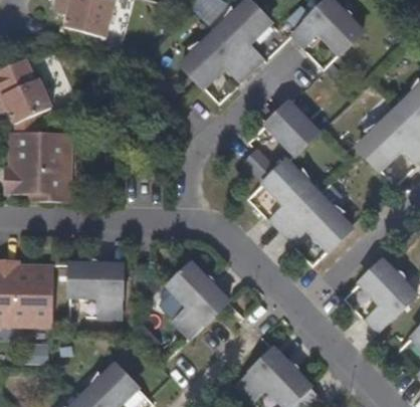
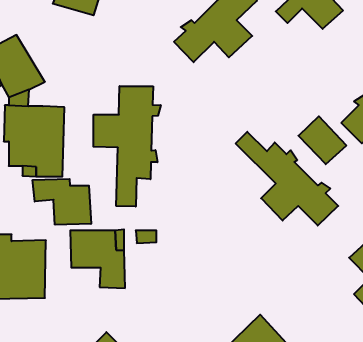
building: [264,99,313,149] -> [298,116,346,164]
building: none -> [93,86,161,207]
building: none -> [33,179,91,225]
building: [160,257,232,342] -> none

